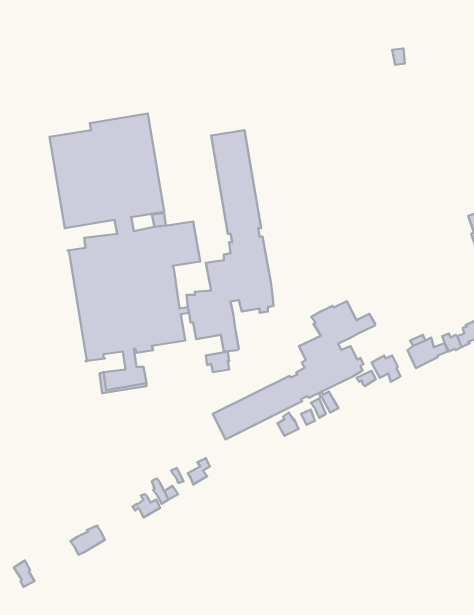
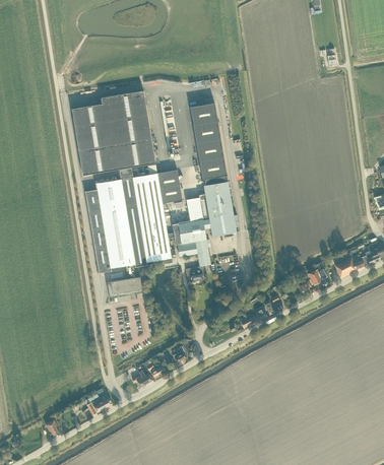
building: [213,301,375,439] -> none

